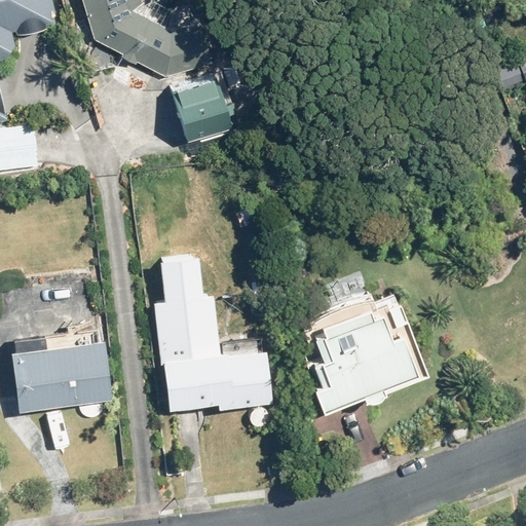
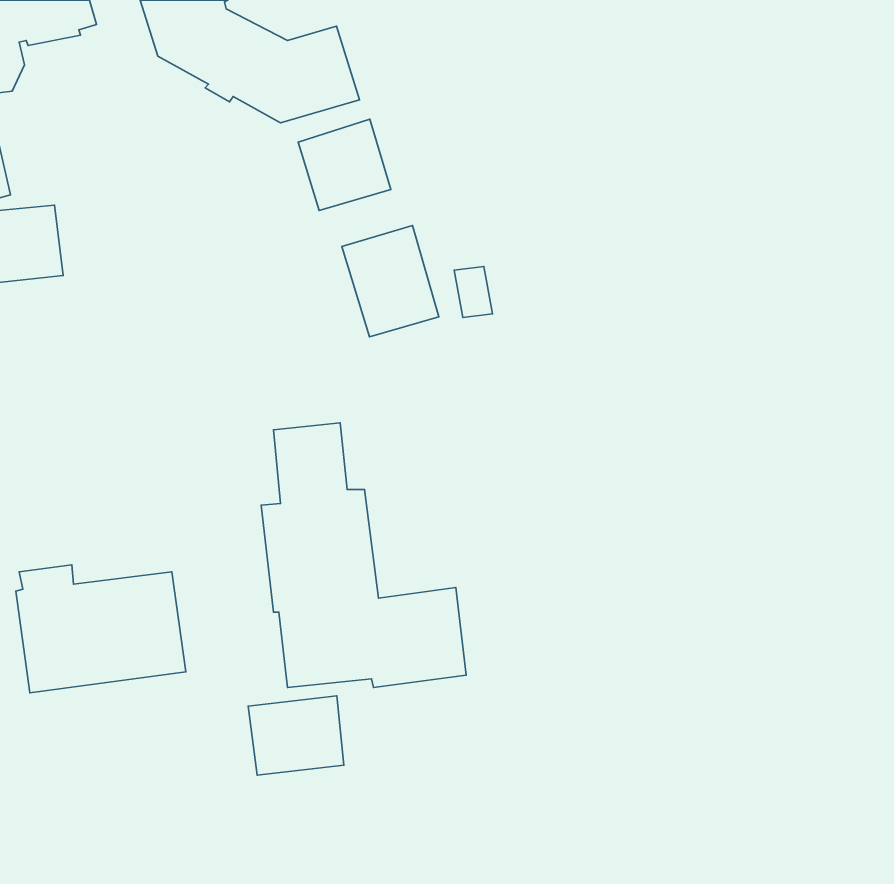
building: none -> [342,225,439,337]
building: [292,296,428,414] -> none
building: none -> [248,696,344,775]

